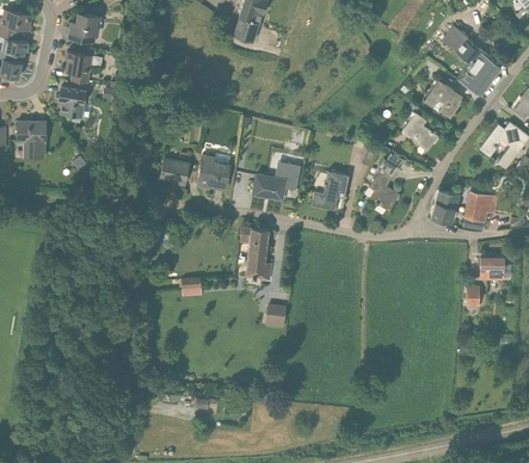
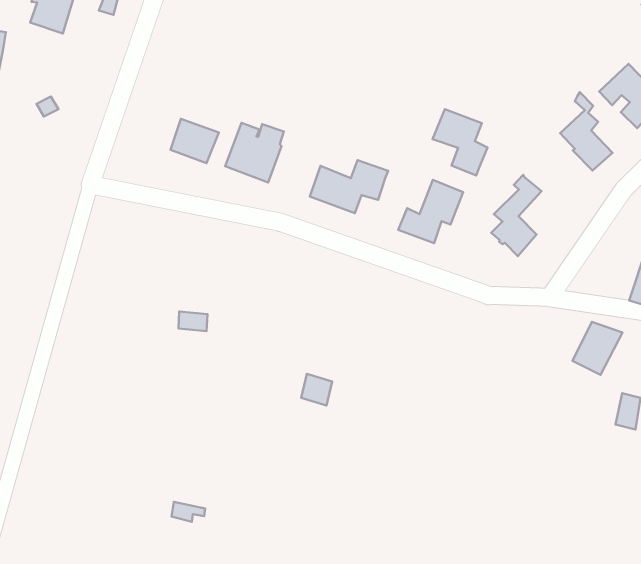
building: none -> [433,109,488,176]
building: [430,190,459,222] -> [572,322,623,375]
building: [240,226,270,279] -> none

